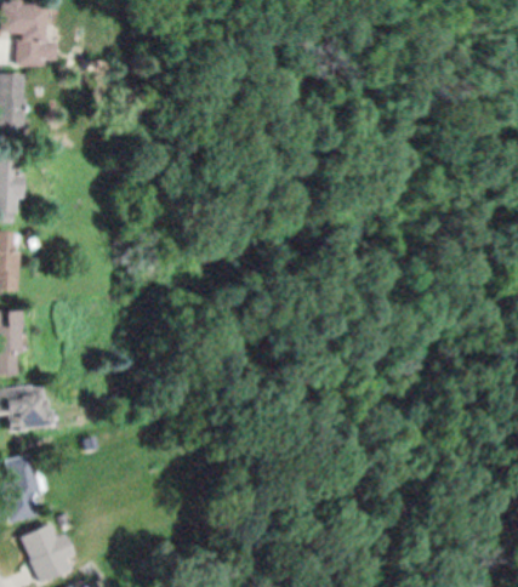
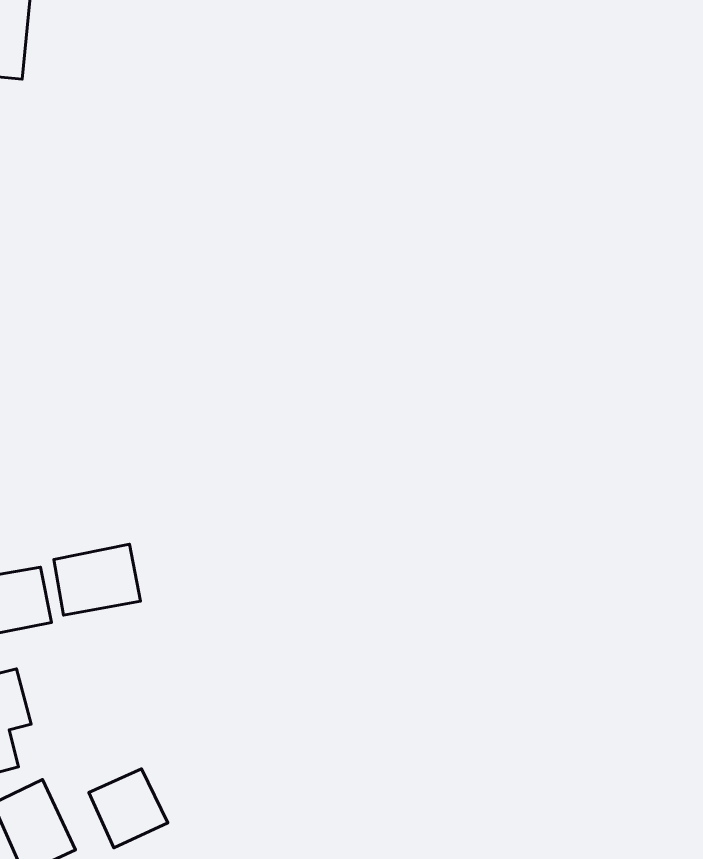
building: none -> [54,544,140,615]
building: none -> [89,769,168,848]

